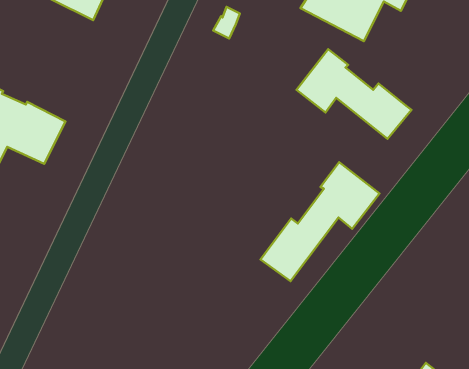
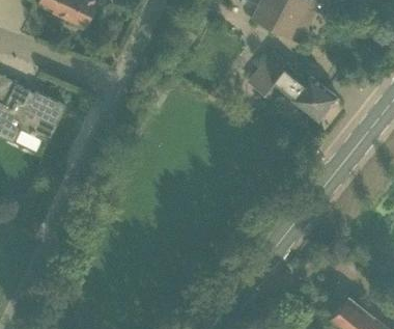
building: [260,162,380,281] -> none

